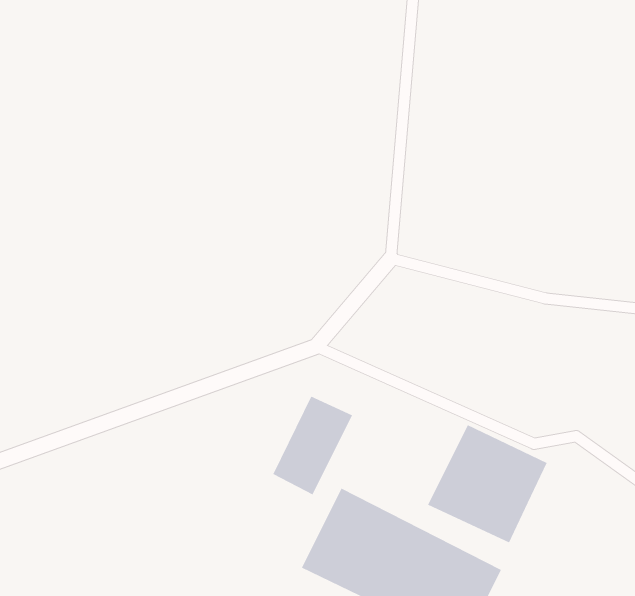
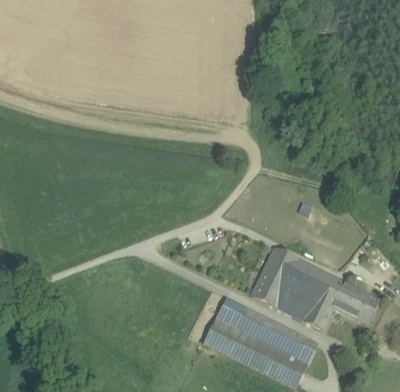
building: [273,396,353,495] -> [251,250,298,307]
building: none -> [333,283,377,323]

